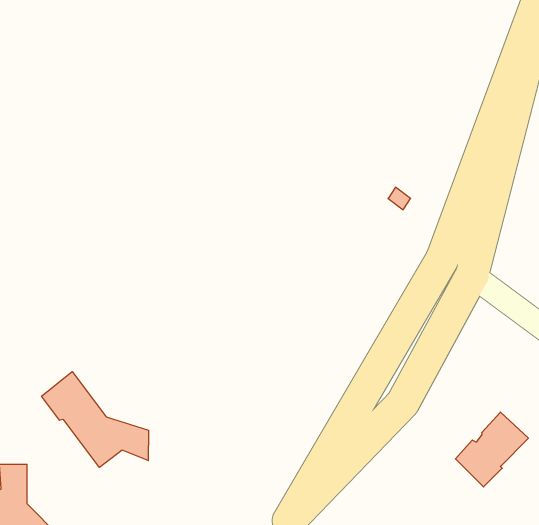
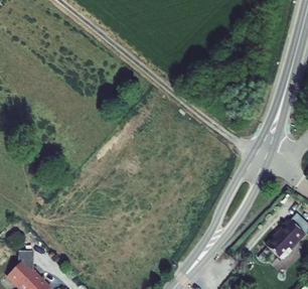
building: [42,372,149,467] -> none

